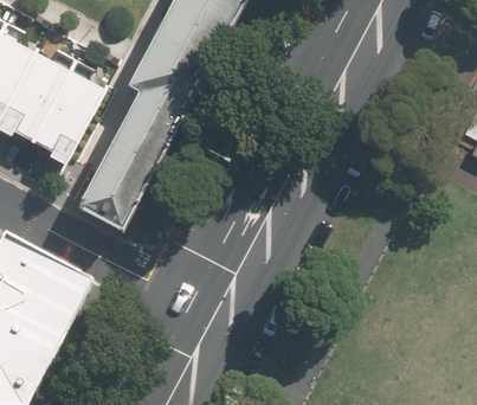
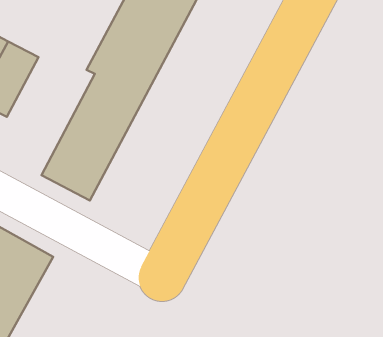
building: [34,68,105,154] -> none

